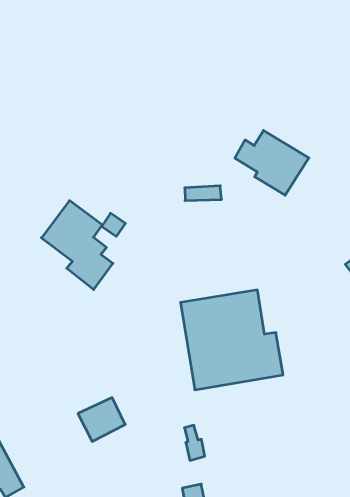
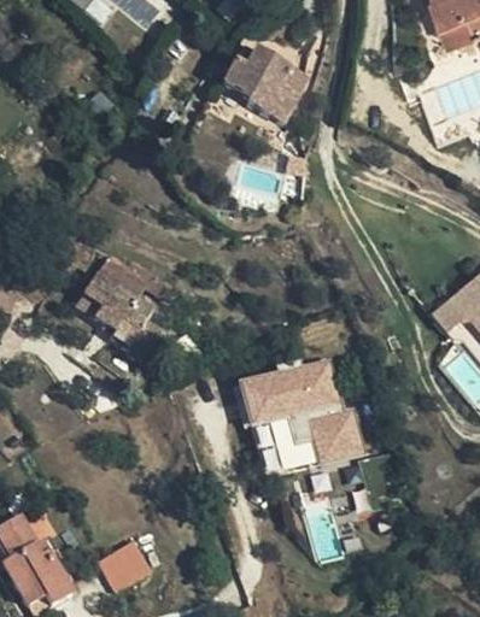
building: [235,130,309,195] -> [223,49,309,123]
building: [78,398,125,441] -> [98,536,153,588]

